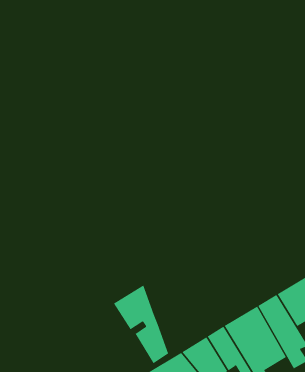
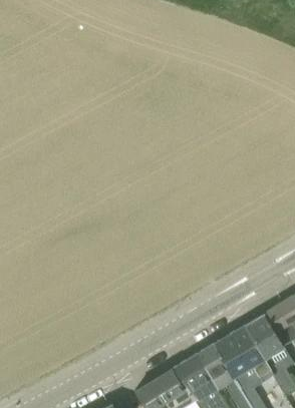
building: [113,285,169,364] -> none

